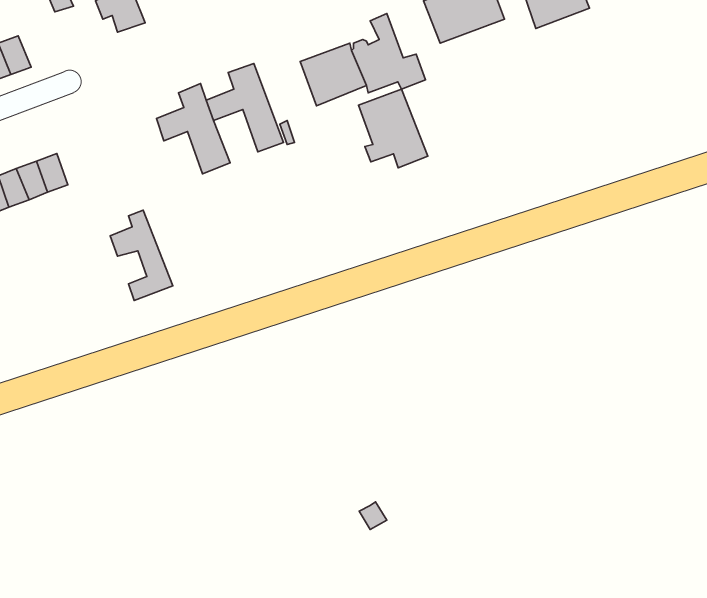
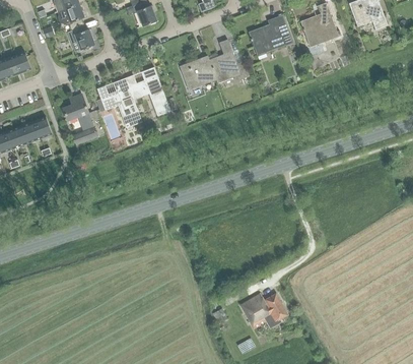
building: [358,89,428,168] -> none
building: [110,210,173,300] -> [63,94,97,143]
building: none -> [239,293,288,328]

